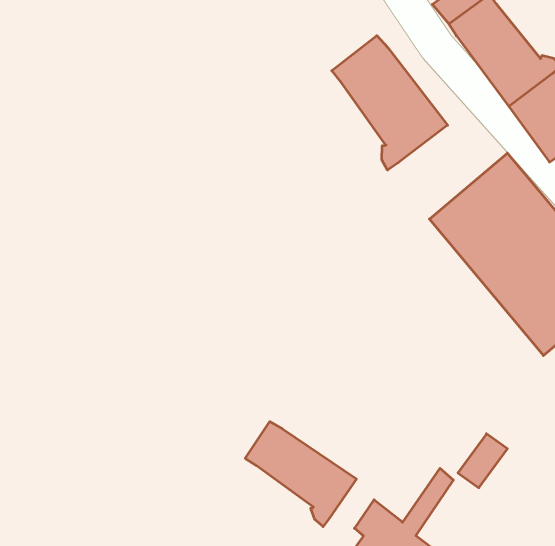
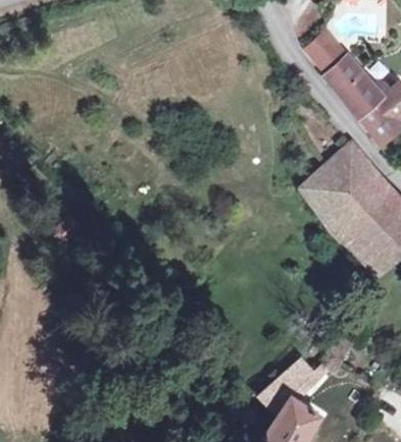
building: [332,36,448,170] -> none
building: [245,422,356,527] -> none

